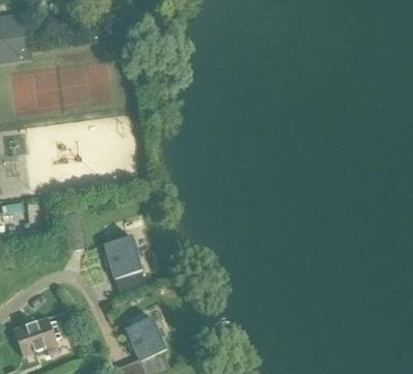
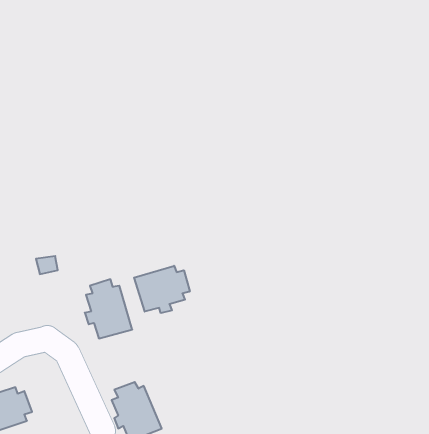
building: none -> [134,266,190,313]

